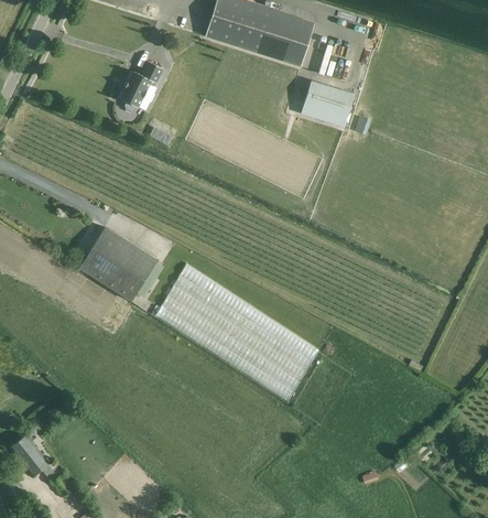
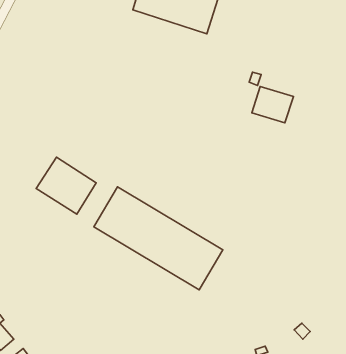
building: [120,63,162,111] -> none
building: [300,79,354,127] -> [252,86,293,123]

